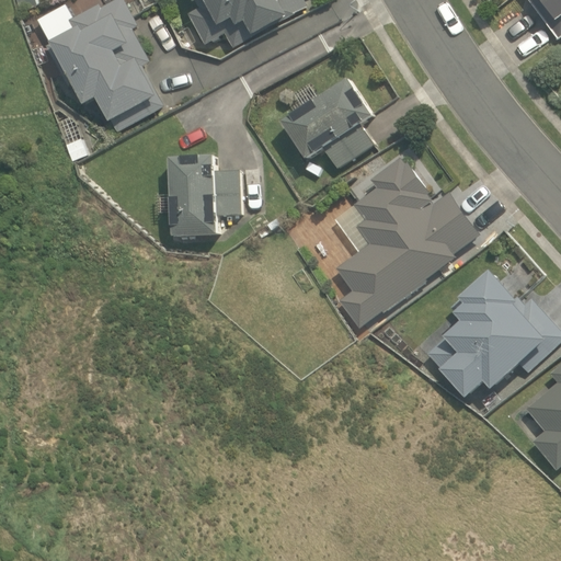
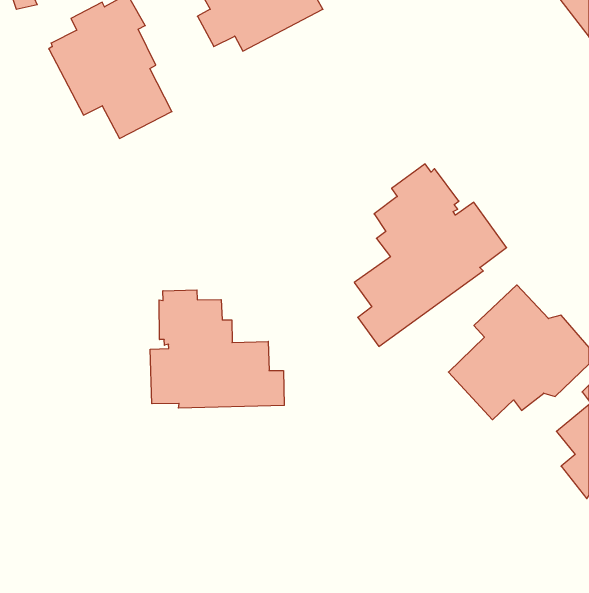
building: [282,79,371,169] -> none
building: [170,154,238,234] -> none
building: none -> [150,290,284,408]

